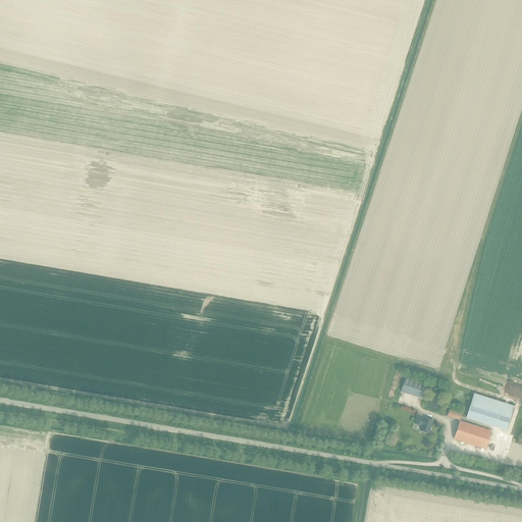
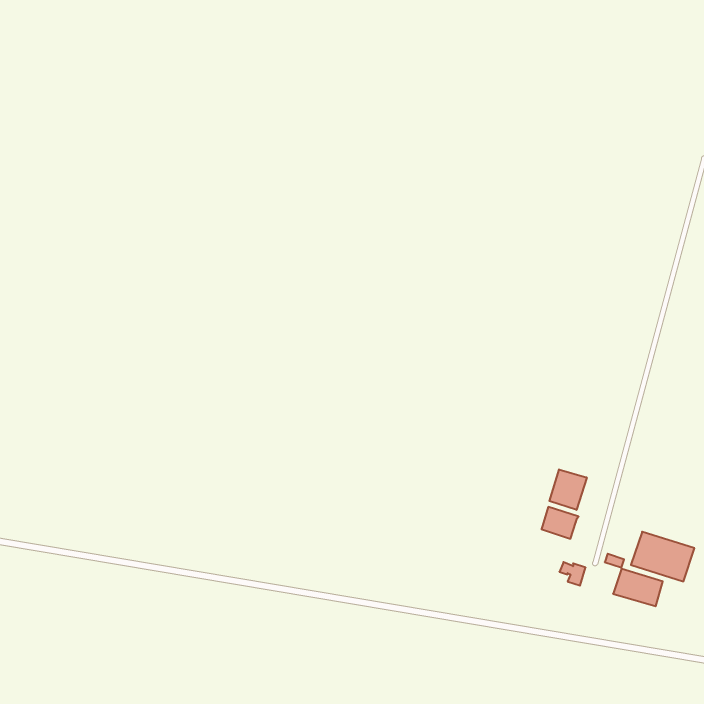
building: none -> [549,469,587,510]

